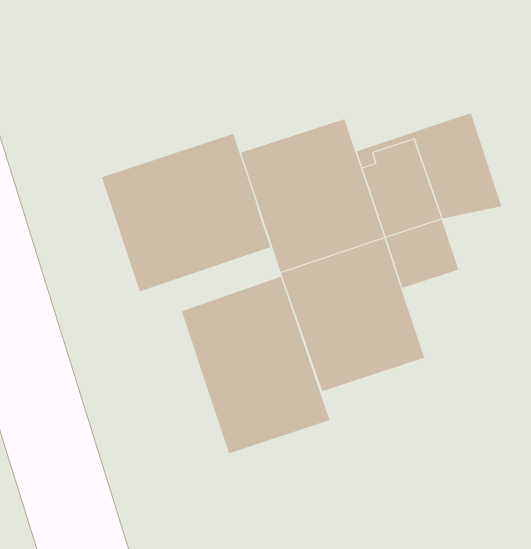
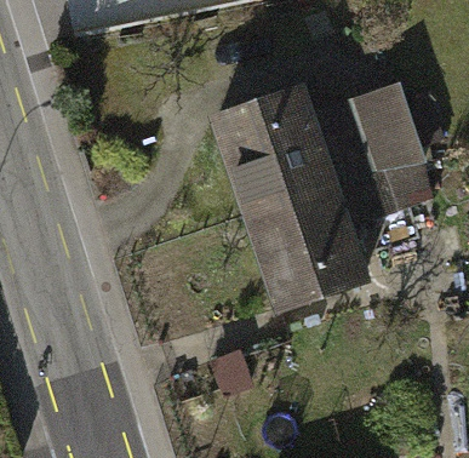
building: [101,133,271,292] -> none
building: [181,276,330,454] -> none

